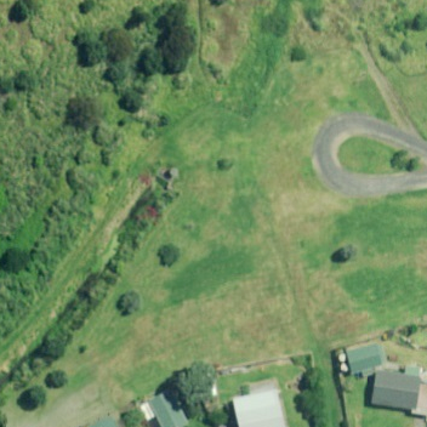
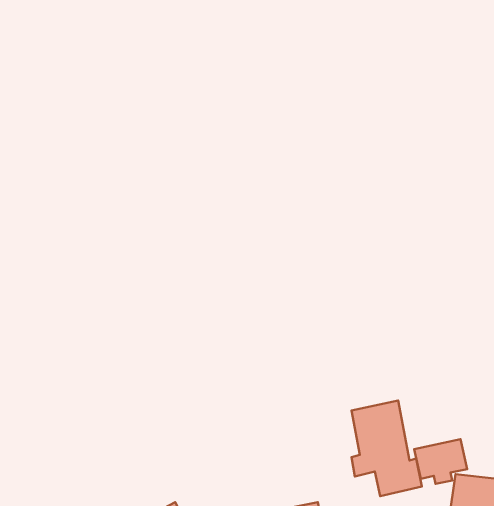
building: none -> [351,401,422,496]

